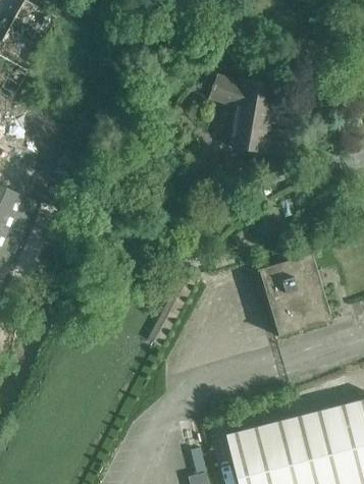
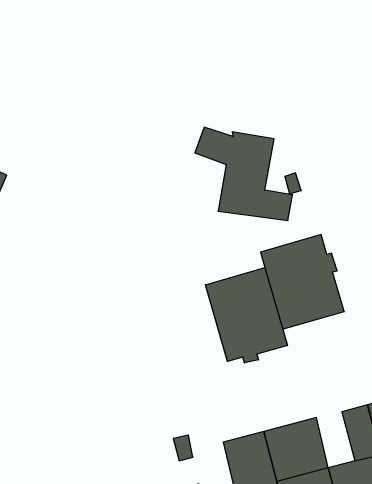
building: [208,74,294,156] -> [195,127,293,221]
building: none -> [205,268,287,363]
building: [307,409,341,458] -> none

